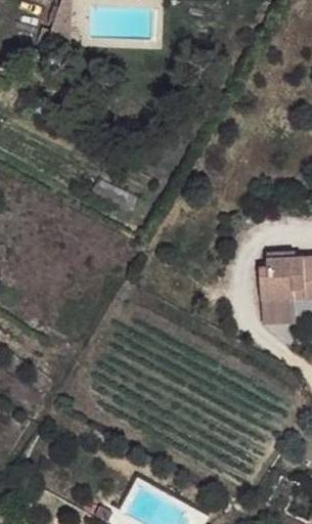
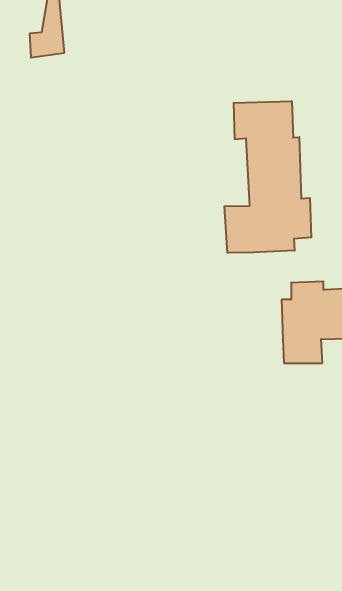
building: none -> [224,101,311,253]

